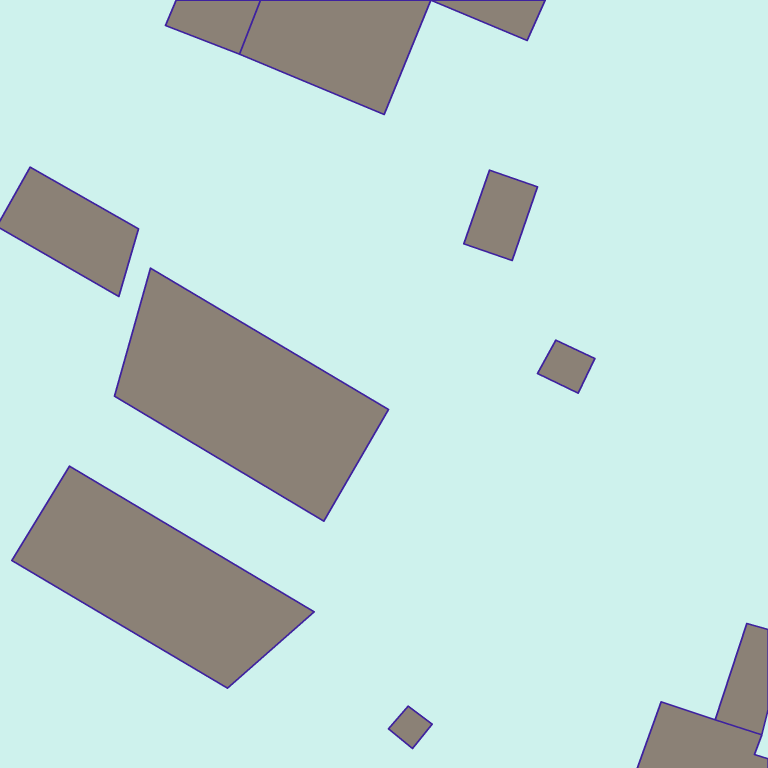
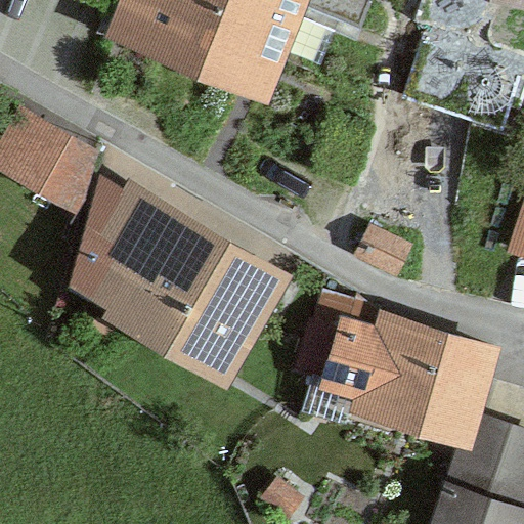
building: none -> [304,315,491,431]
building: [12,466,314,688] -> none

